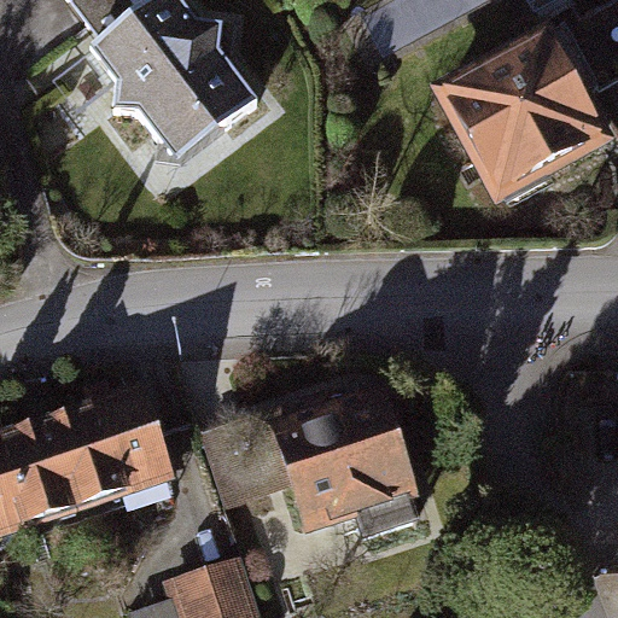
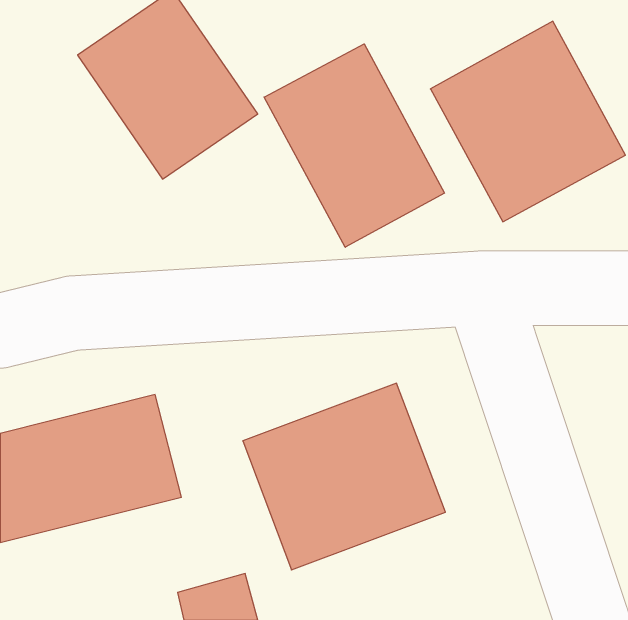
building: none -> [264,44,444,247]

